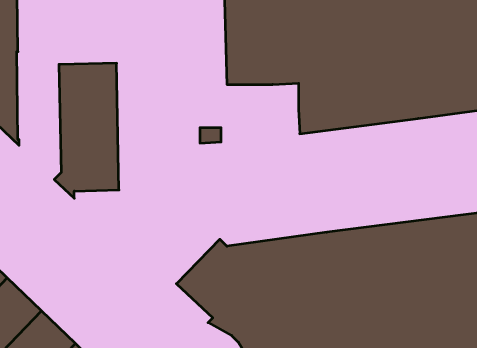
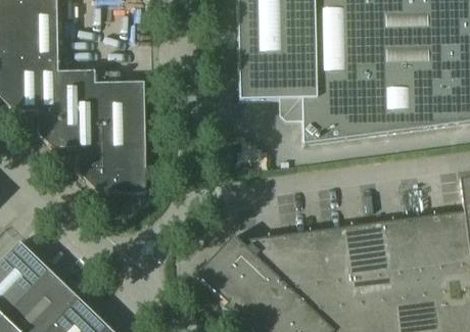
building: none -> [58,70,97,183]

